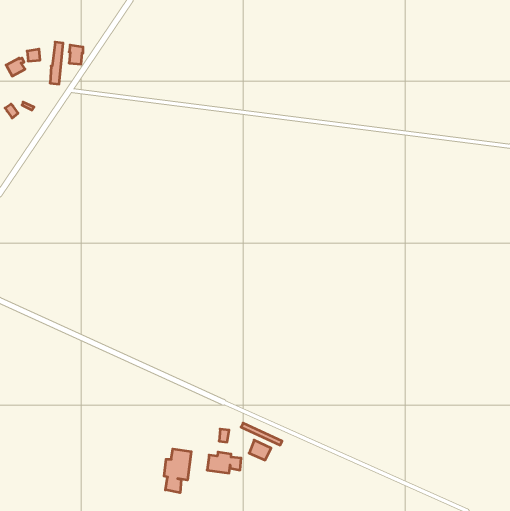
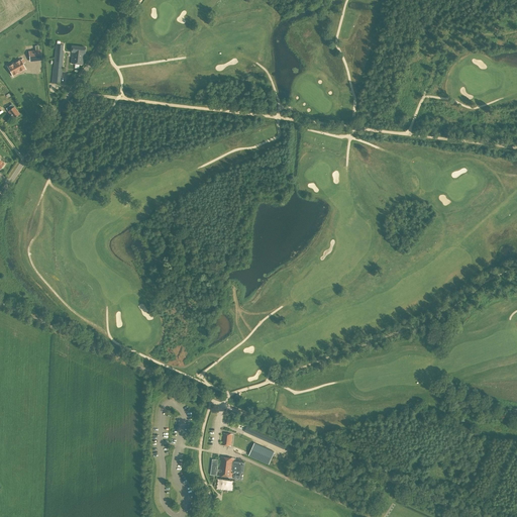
building: [164,449,191,493] -> none

